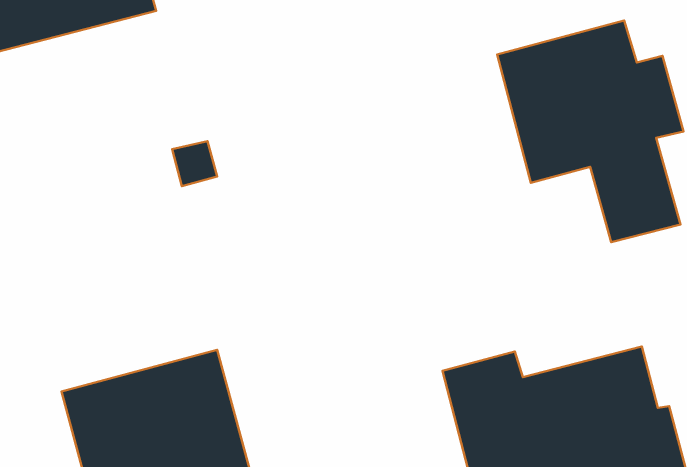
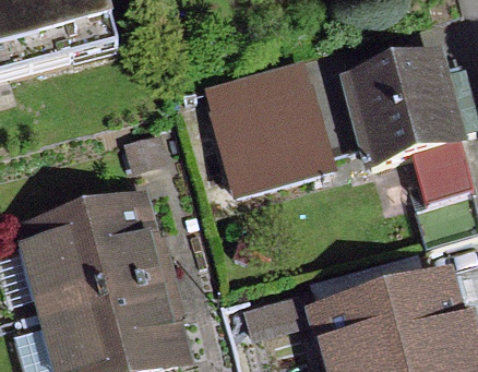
building: none -> [212,86,328,193]
building: none -> [28,195,156,304]

